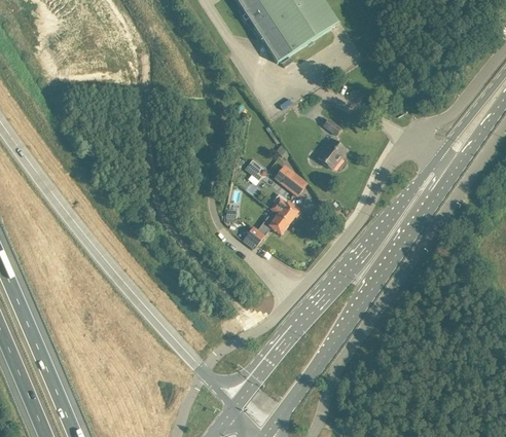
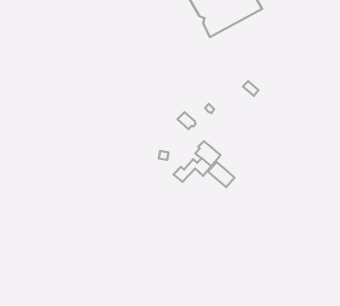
building: [318,138,347,167] -> none
building: [274,165,306,194] -> [208,162,234,187]

